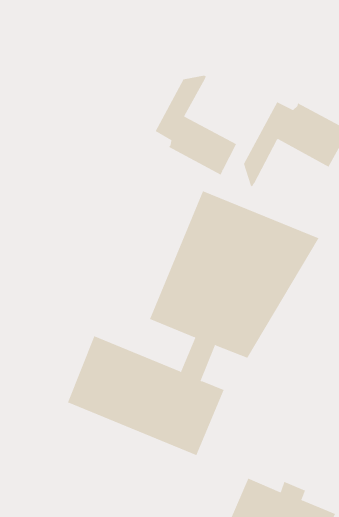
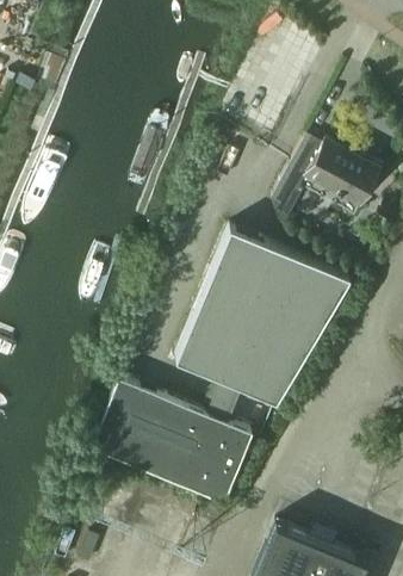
building: [155,75,237,176] -> none

